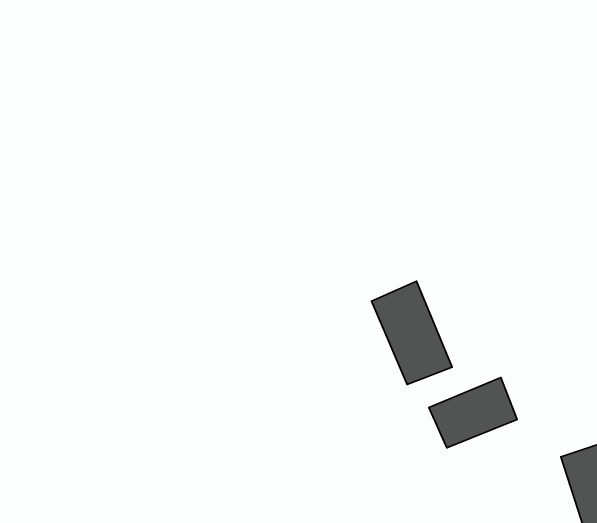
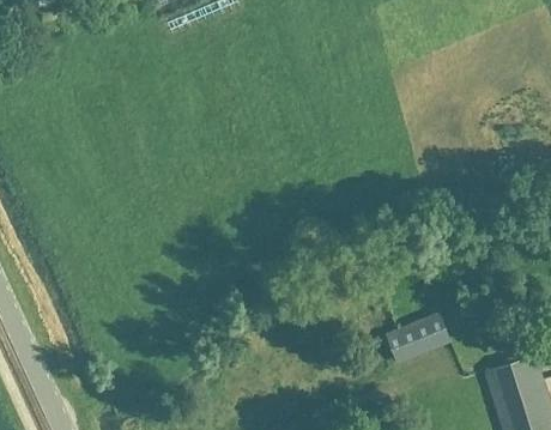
building: [371,281,452,385] -> none

